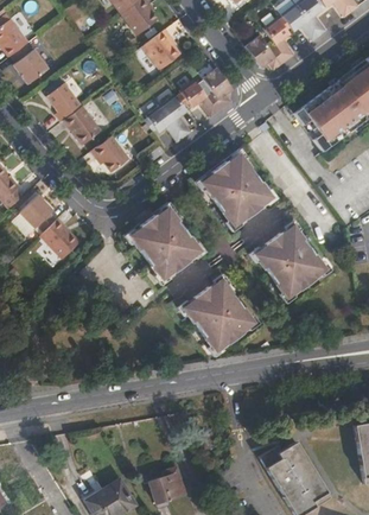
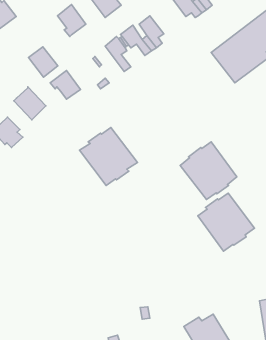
building: [46,82,82,122] -> [57,4,86,37]
building: [201,153,272,227] -> none
building: [39,218,79,260] -> [14,87,46,120]
building: [183,279,254,351] -> [198,193,255,251]

